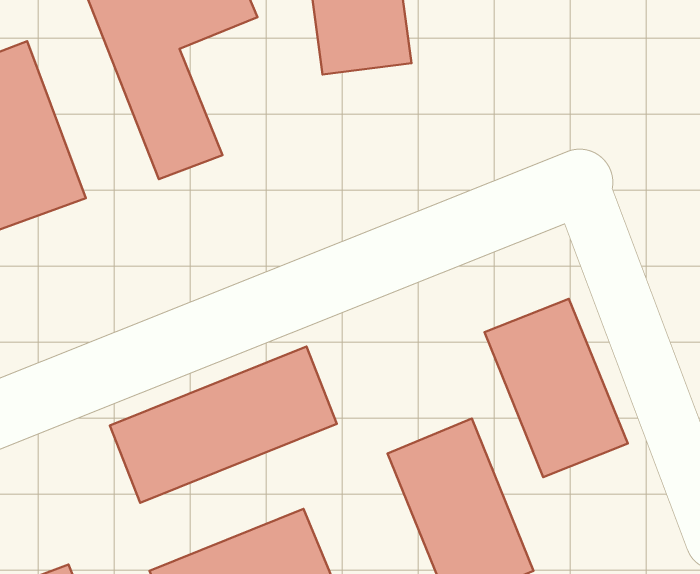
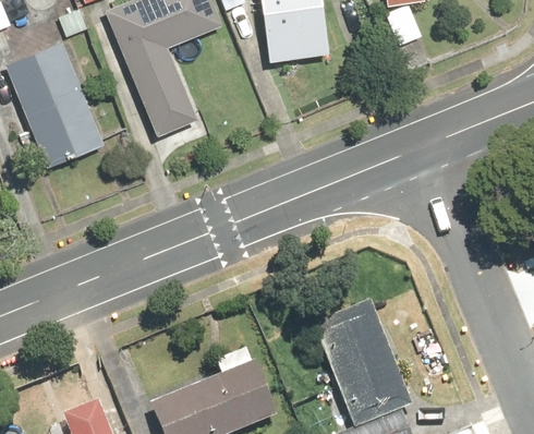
building: [484,299,628,477] -> none
building: [110,346,337,503] -> none

